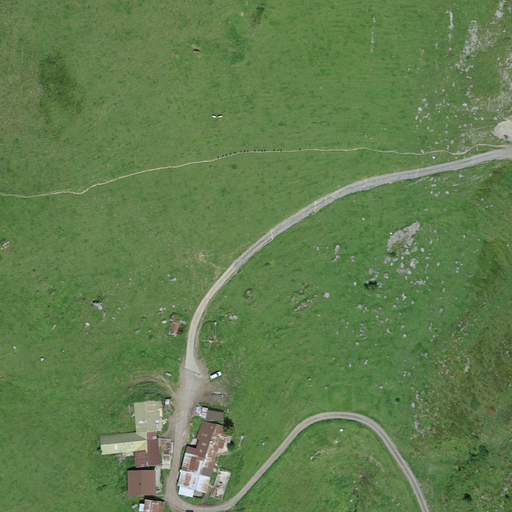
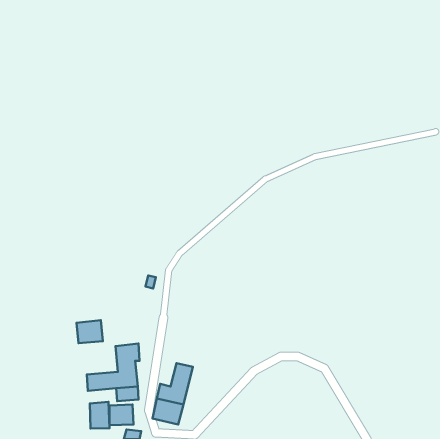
building: none -> [77,320,103,343]
building: none -> [90,402,109,429]

